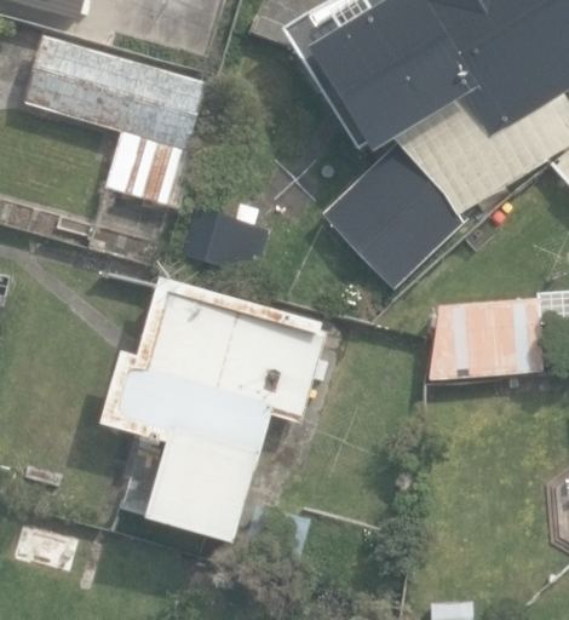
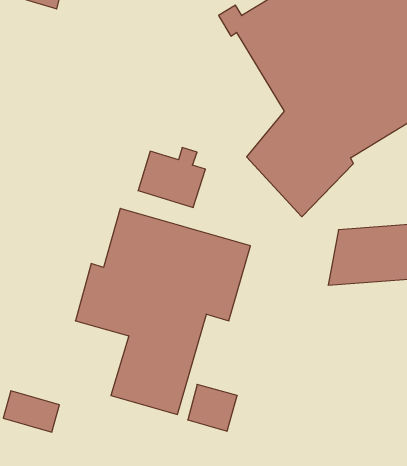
building: [24,35,207,206] -> none

